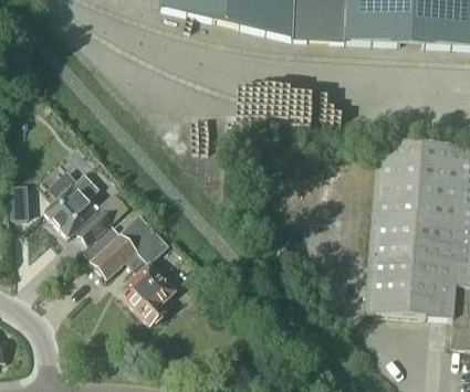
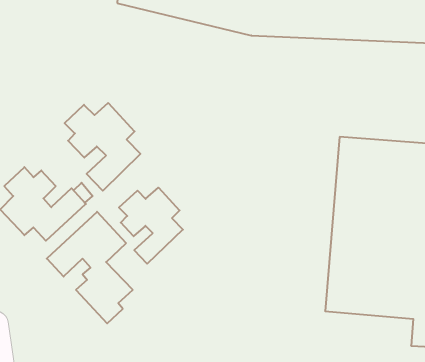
building: none -> [65,103,140,191]
building: none -> [119,188,183,264]

